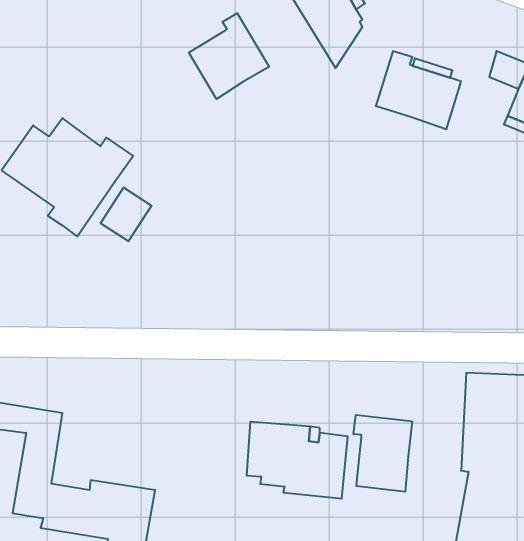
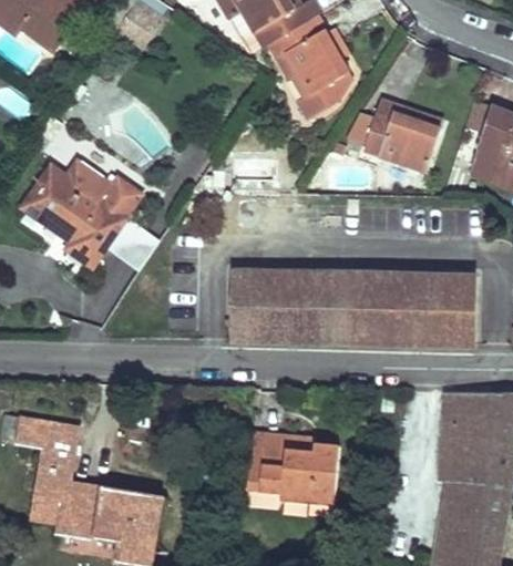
building: [189,13,269,99] -> none
building: none -> [230,268,473,340]
building: [354,415,412,492] -> none

